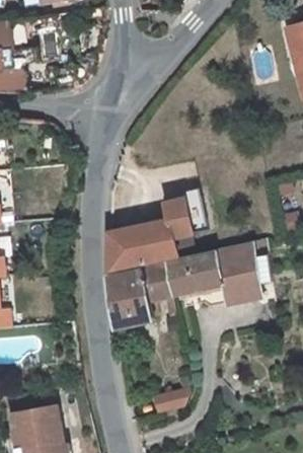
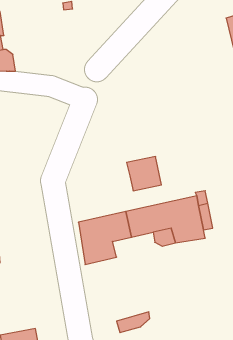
building: [106,220,177,272] -> none

